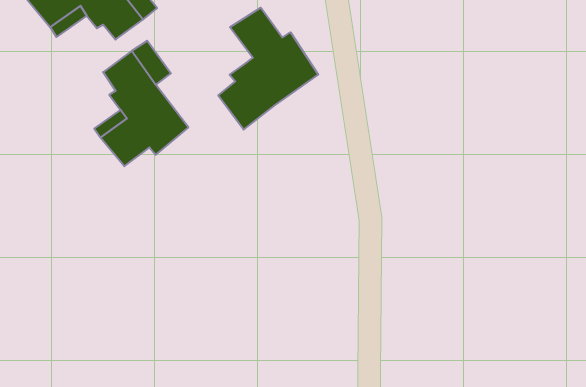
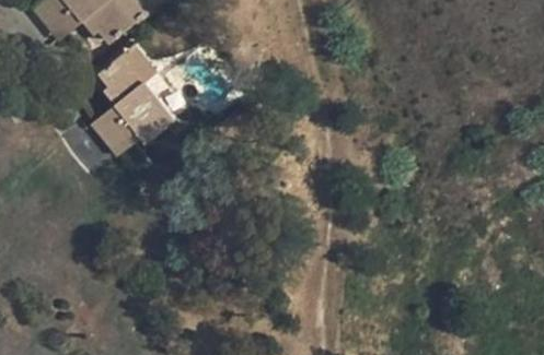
building: [218,8,318,130] -> none

